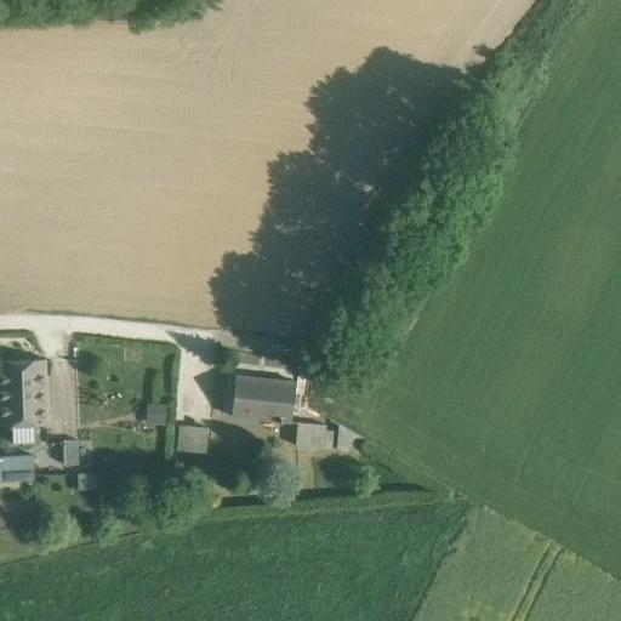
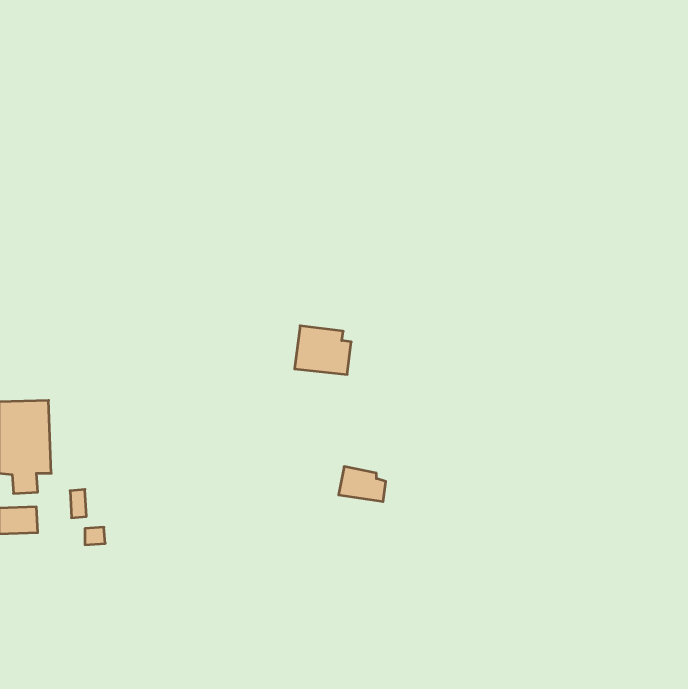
building: [230,376,281,420] -> [295,326,351,374]
building: [181,421,207,452] -> none

